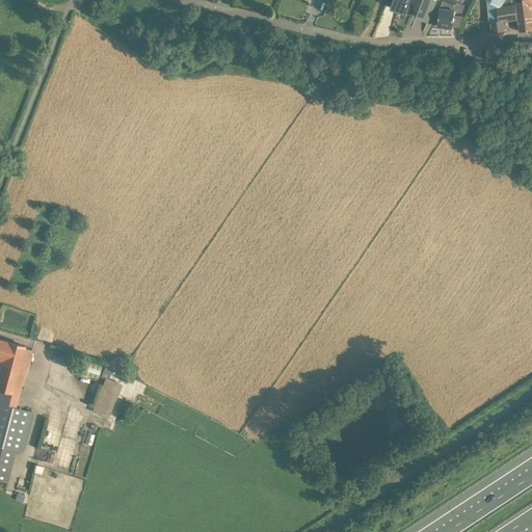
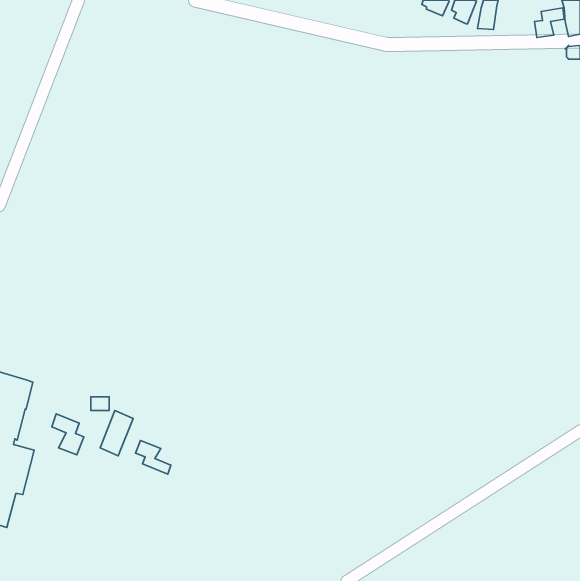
building: none -> [52,414,84,455]
building: none -> [136,441,171,474]

